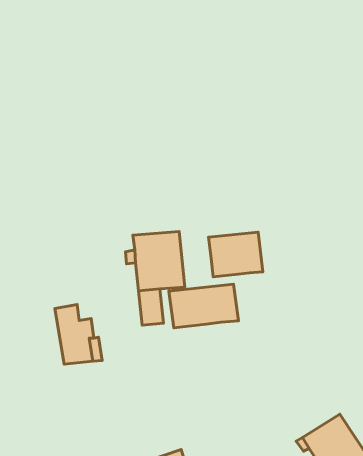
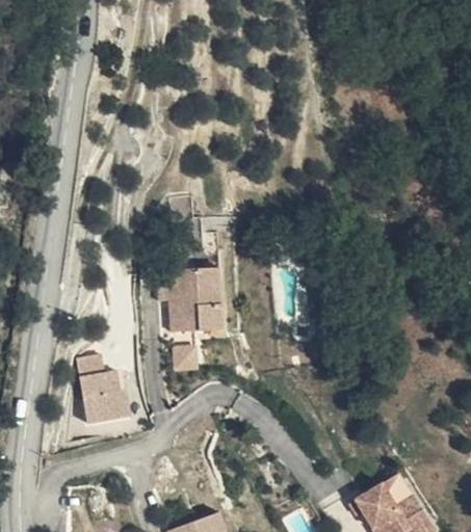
building: [208,232,263,277] -> none
building: [169,284,239,328] -> none

